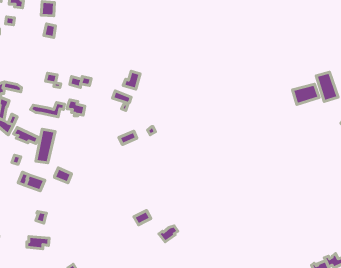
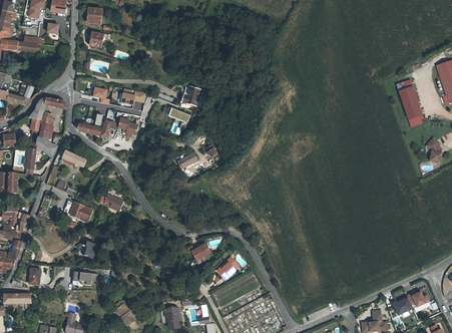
building: [292,84,319,104] -> none
building: [36,129,55,163] -> none

